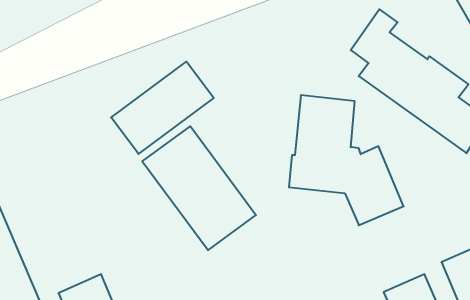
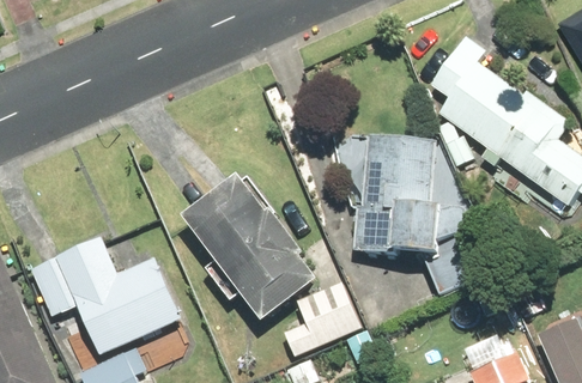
building: [111,62,214,154] -> none
building: none -> [38,237,182,354]
building: none -> [284,280,363,357]

